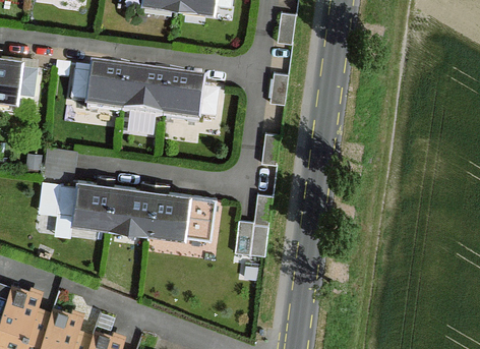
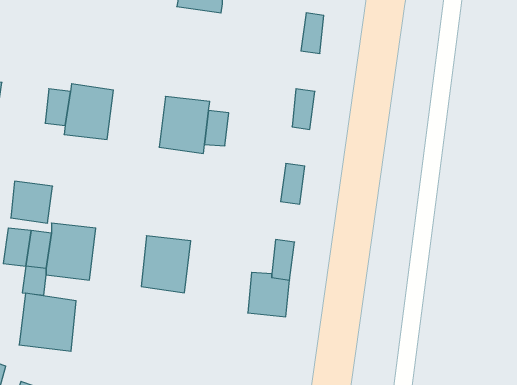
building: [121,75,168,121] -> none
building: [107,186,153,233] -> [19,293,76,351]
building: [183,196,217,242] -> none

